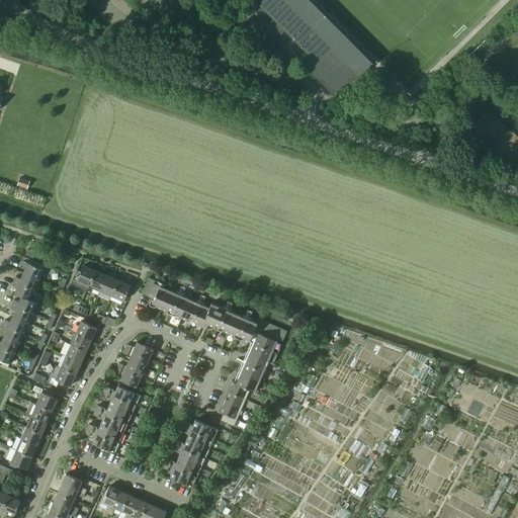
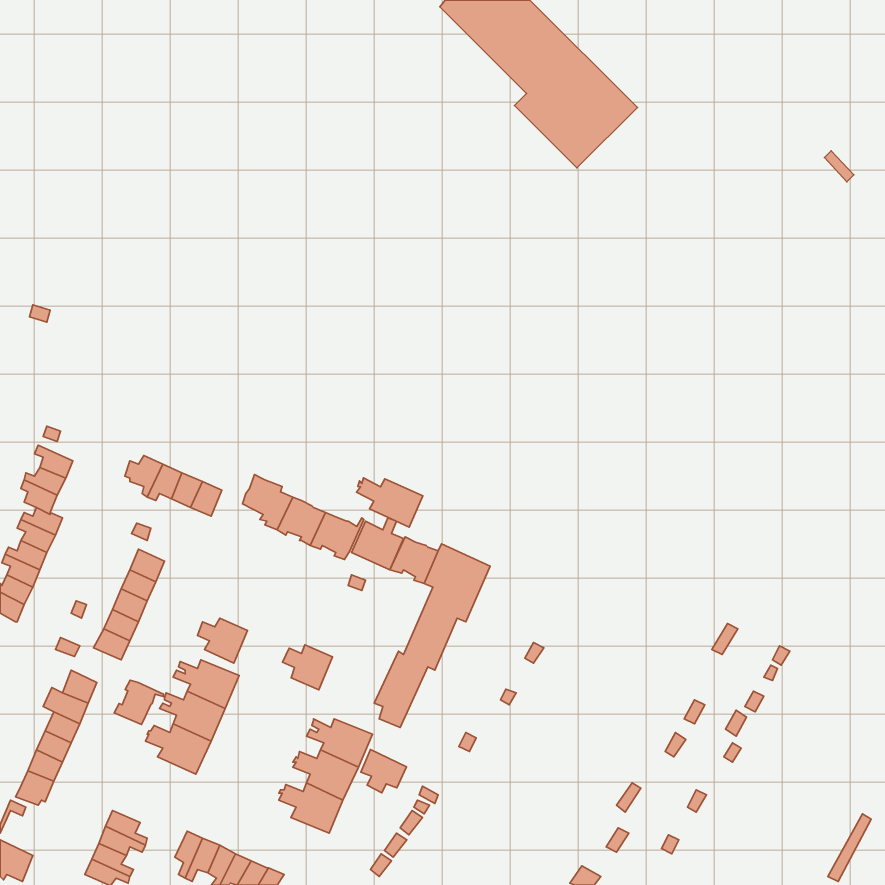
building: none -> [356,478,423,527]
building: [123,342,153,368] -> [282,645,333,690]
building: none -> [114,680,163,724]
building: none -> [361,749,407,793]

